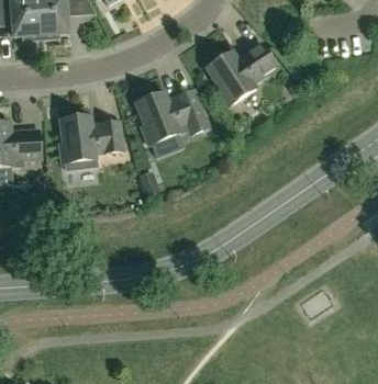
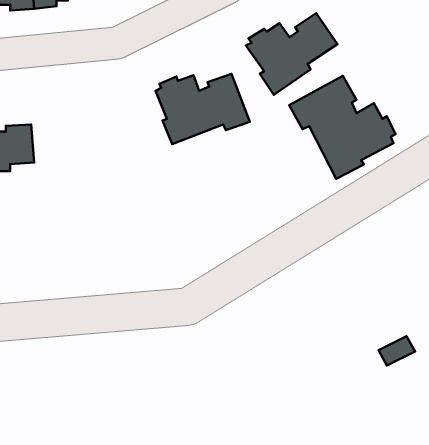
building: none -> [289,76,396,179]
building: [59,112,123,162] -> none

